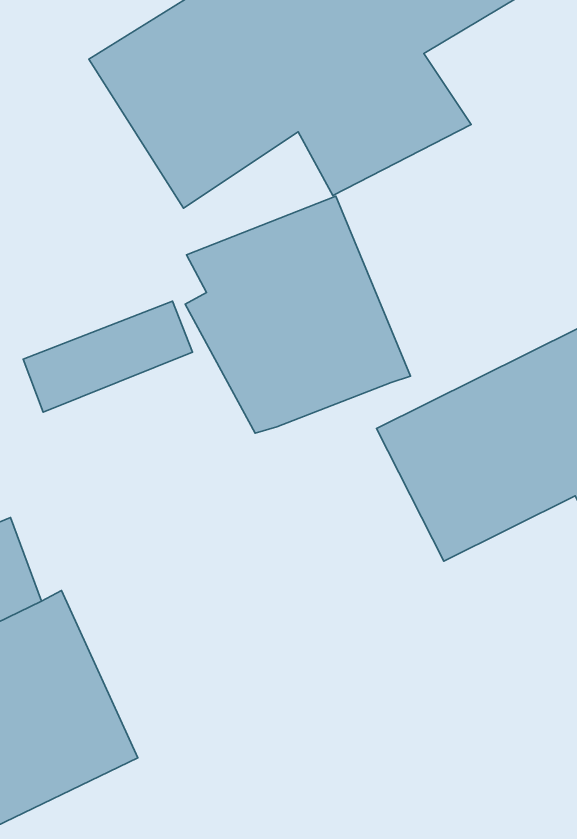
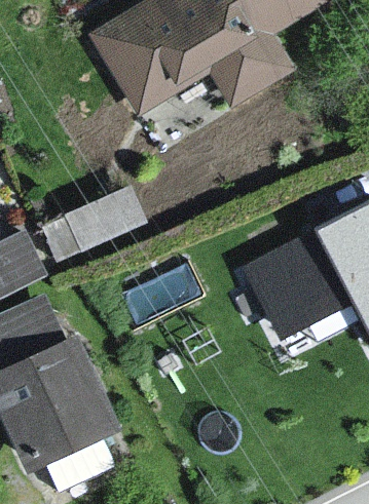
building: [185,196,410,433] -> none

